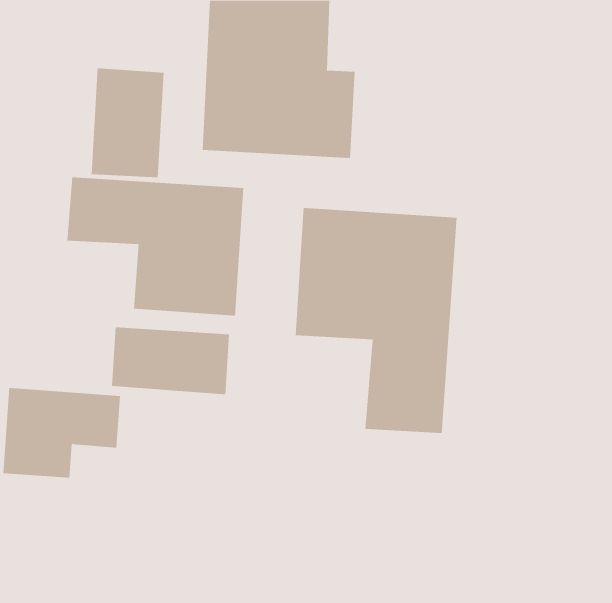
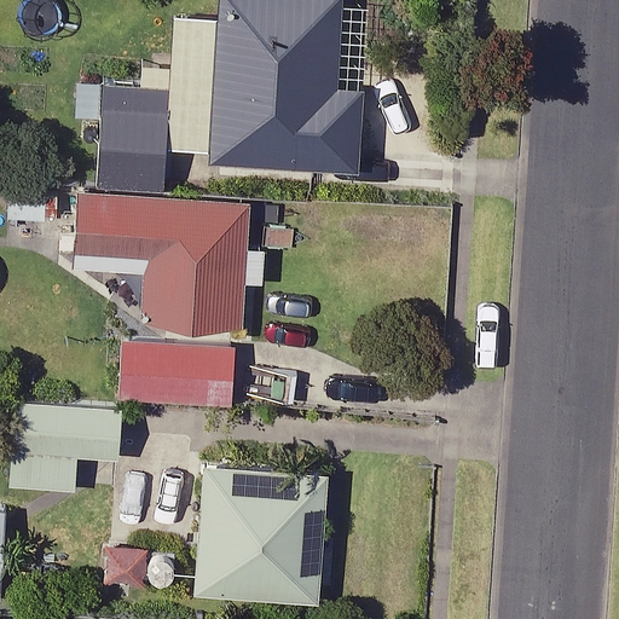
building: [295,207,457,434] -> none
building: none -> [191,464,329,604]

